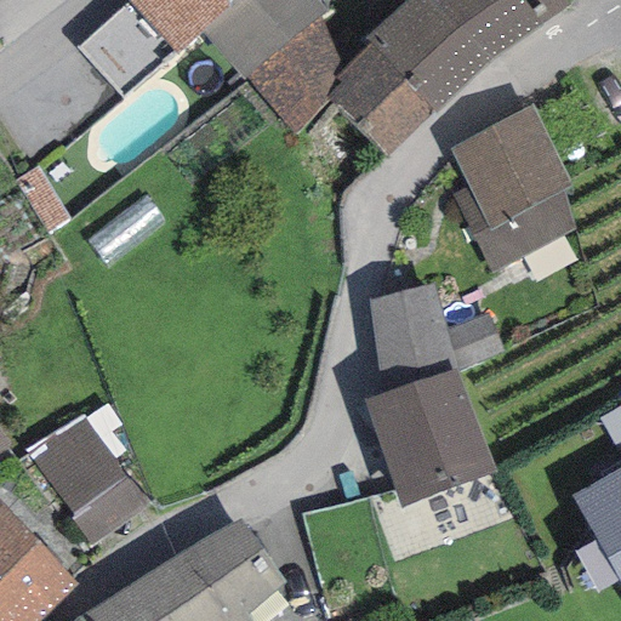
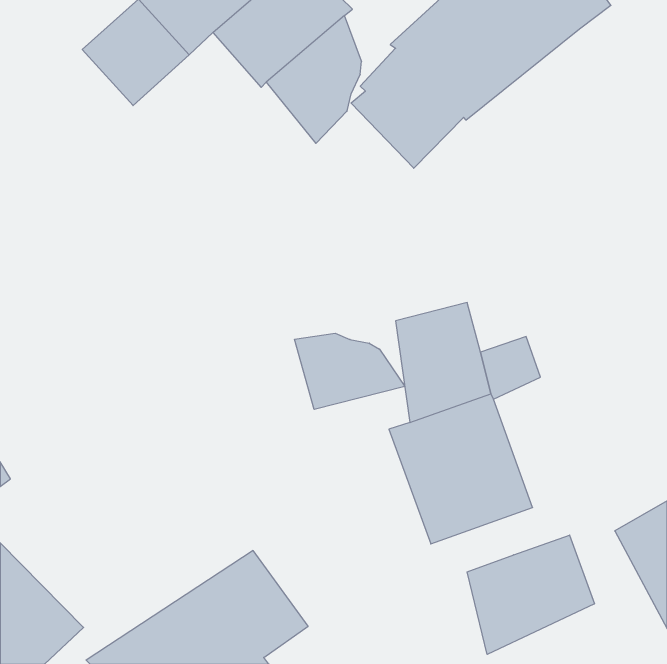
building: [448,102,574,273] -> none
building: none -> [295,333,405,409]
building: [28,411,149,546] -> none
building: none -> [467,535,594,654]

